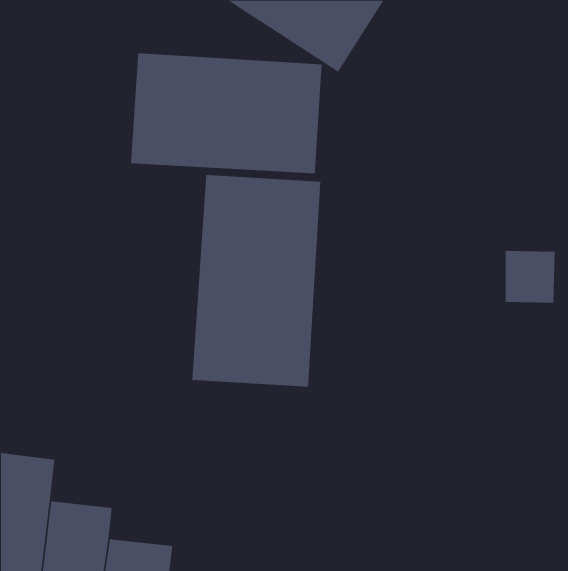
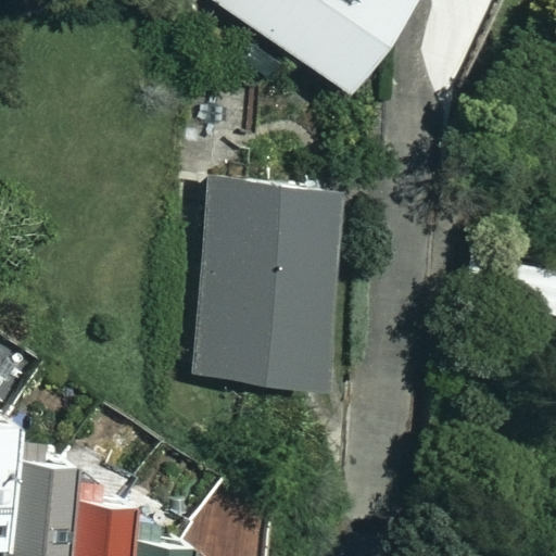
building: [131,53,322,174] -> none

